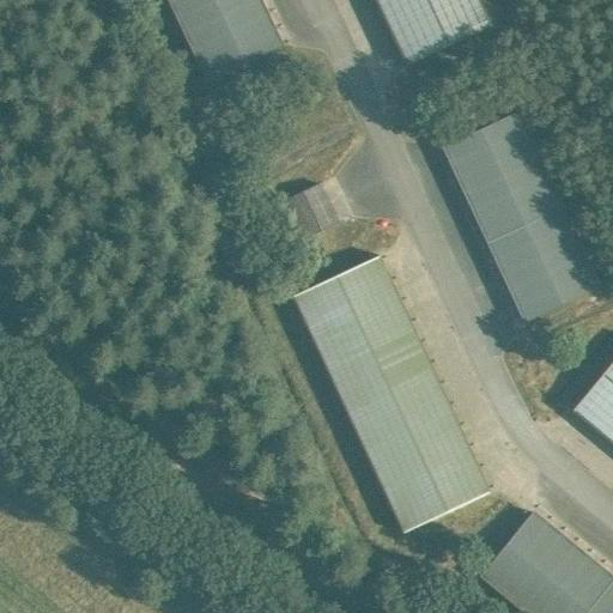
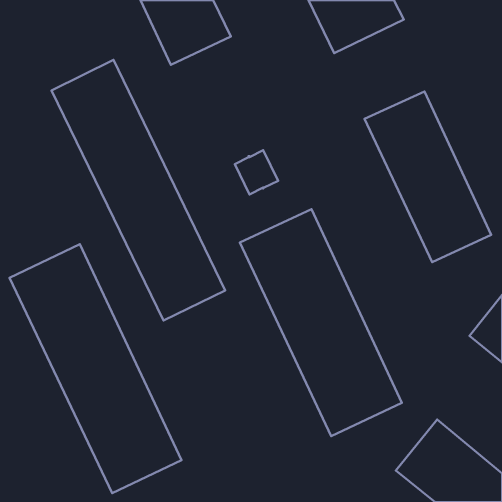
building: none -> [52,60,225,320]
building: none -> [10,244,182,493]

